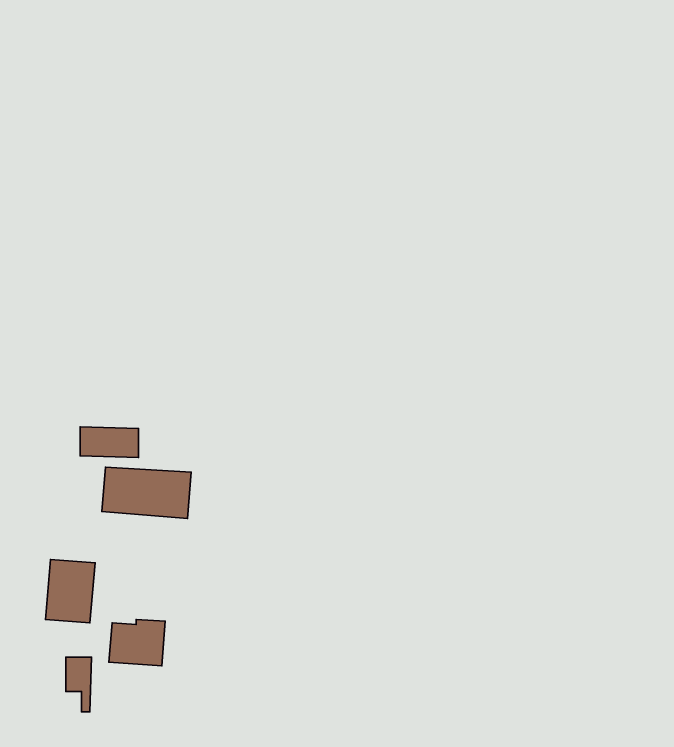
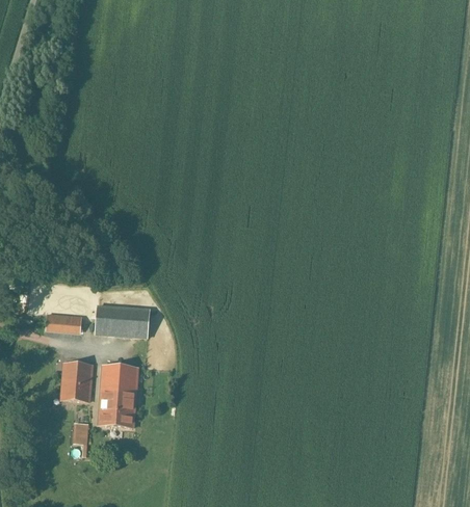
building: [80,427,139,458] -> [45,313,80,331]
building: none -> [102,365,136,402]

